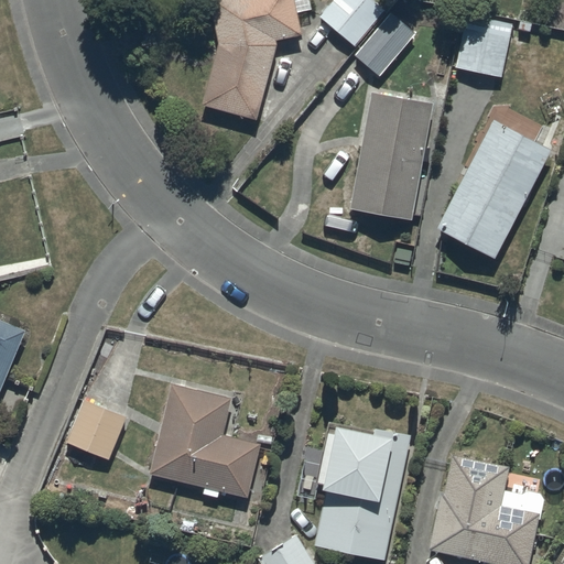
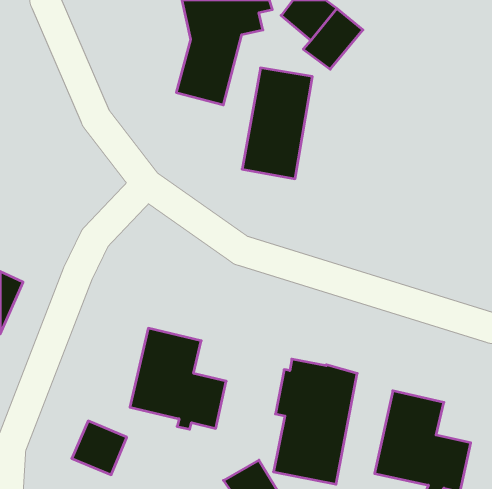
building: [456,22,512,82] -> none
building: [349,99,430,226] -> [242,68,312,179]
building: [438,127,550,265] -> none
building: [64,394,127,456] -> [72,421,127,475]

